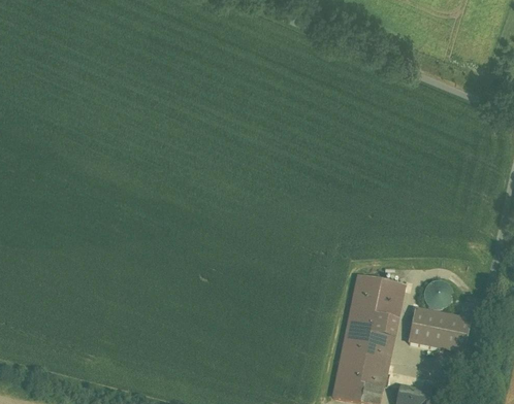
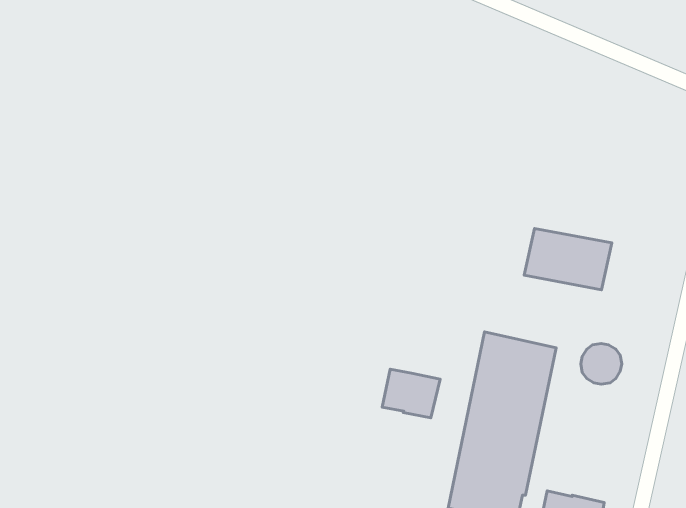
building: none -> [382,369,440,418]
building: [409,309,471,352] -> [524,228,612,290]

